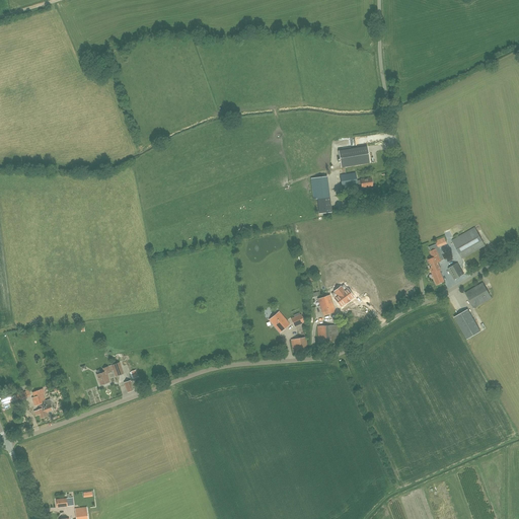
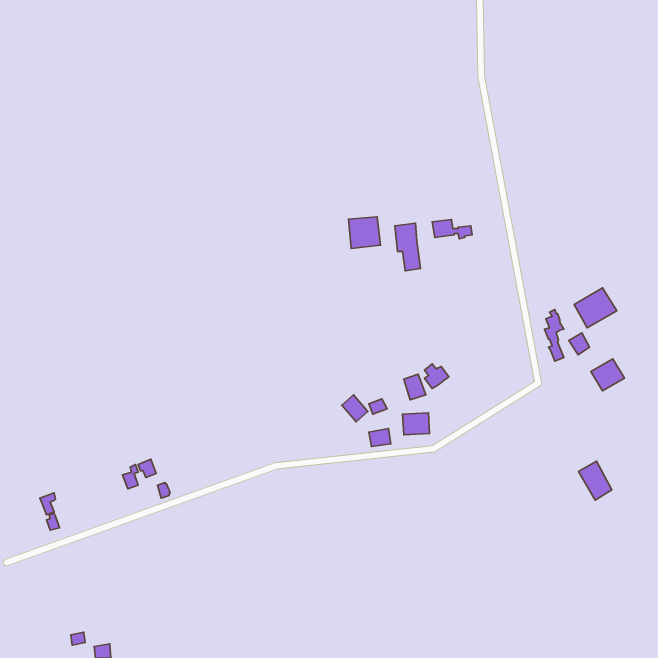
building: [338,146,369,166] -> none
building: none -> [348,217,380,249]
building: [453,308,479,339] -> [578,461,612,500]

